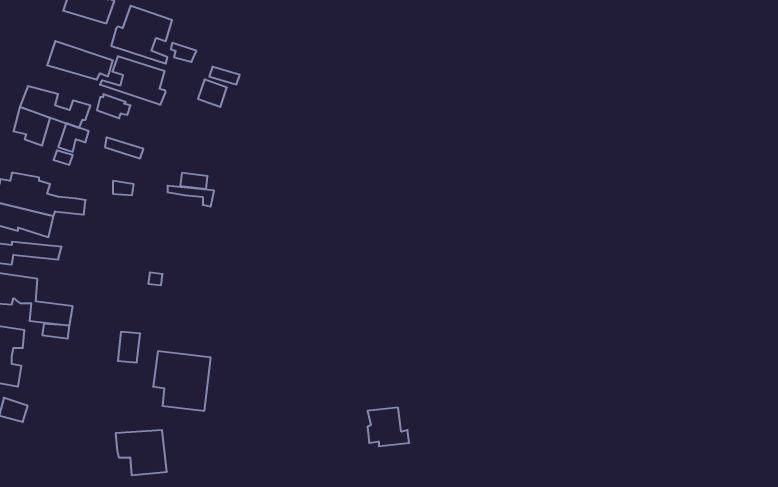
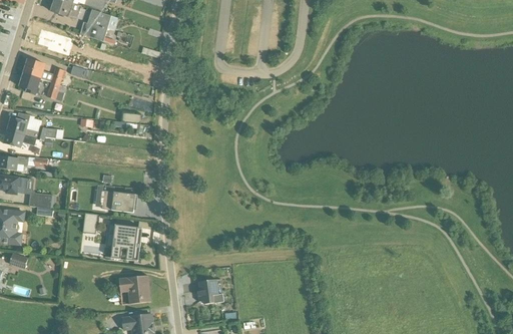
building: [100,56,165,105] -> none
building: none -> [101,185,137,212]
building: [367,408,409,446] -> [197,279,223,303]
building: [116,430,167,475] -> [118,275,150,303]

